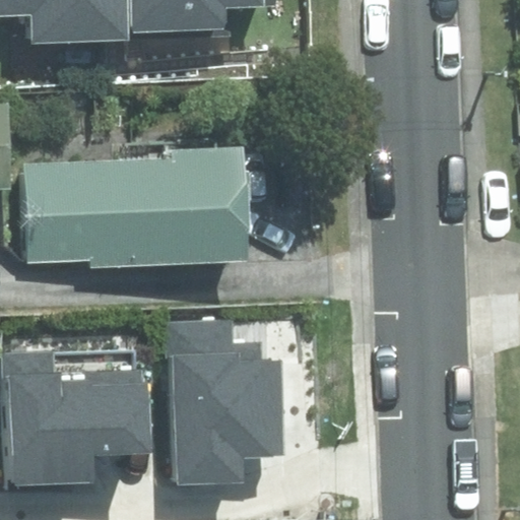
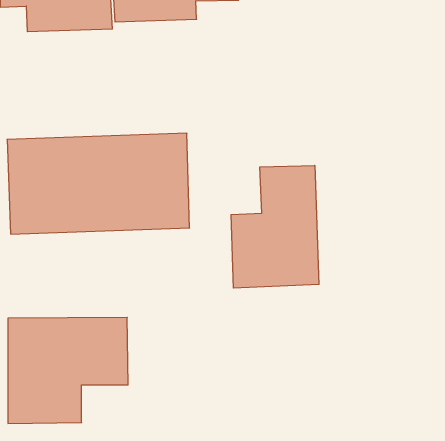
building: none -> [231,165,319,288]
building: [168,317,287,494] -> none

